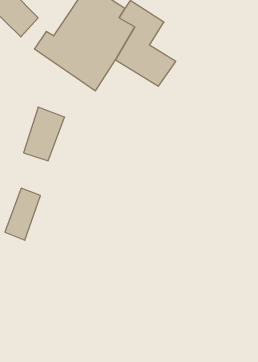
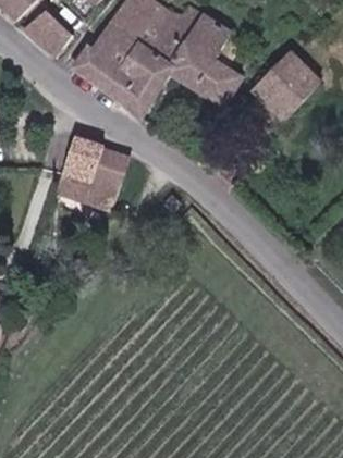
building: none -> [249,54,327,125]
building: [5,188,40,240] -> [86,149,128,211]

